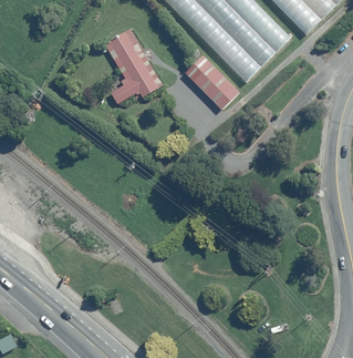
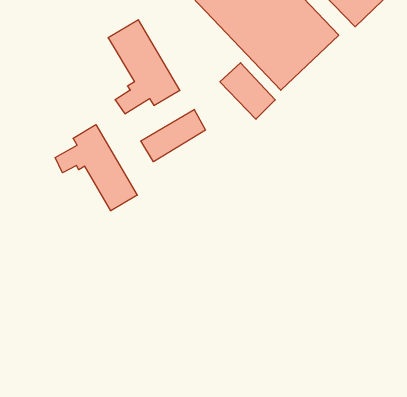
building: none -> [141,109,206,162]
building: none -> [55,125,137,211]

